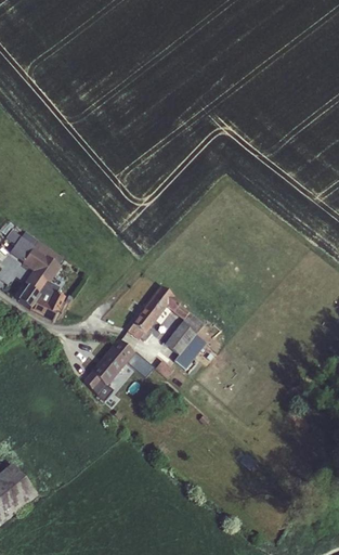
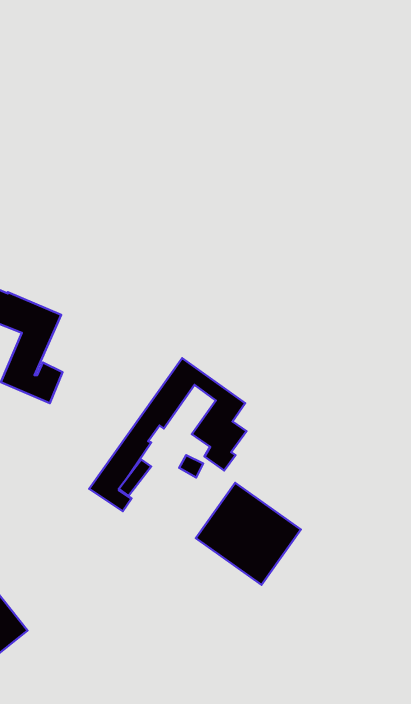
building: none -> [196,483,301,585]

